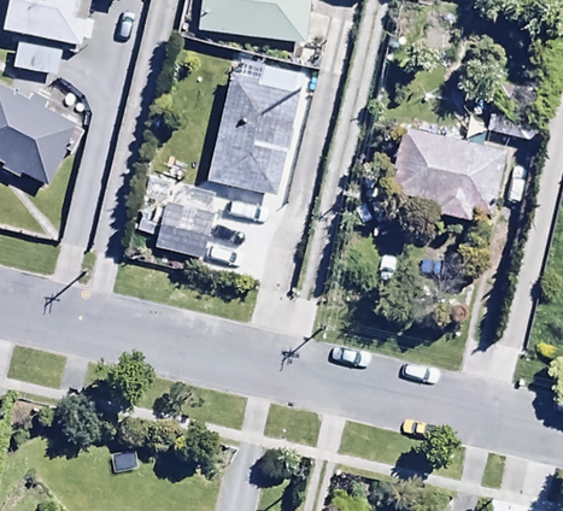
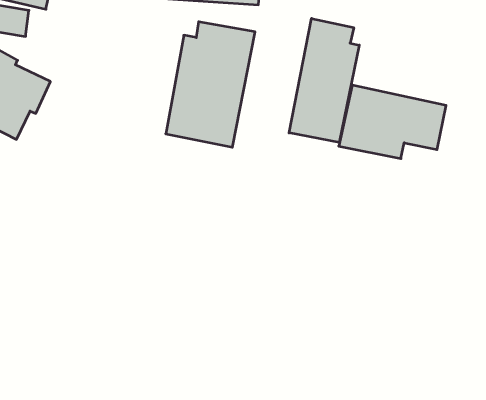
building: none -> [289,18,359,142]
building: [137,193,225,262] -> none

